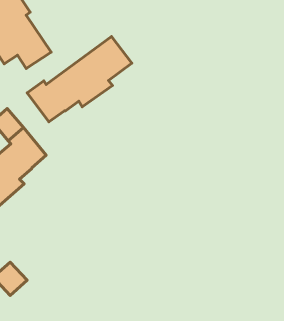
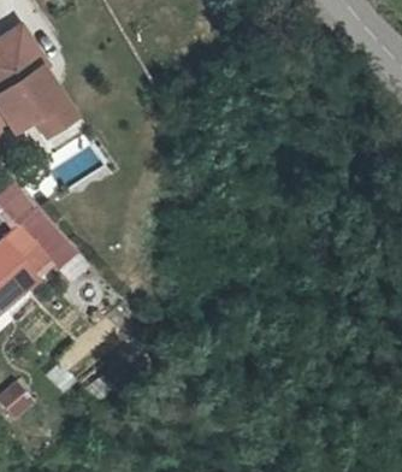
building: [27,37,132,122] -> none

